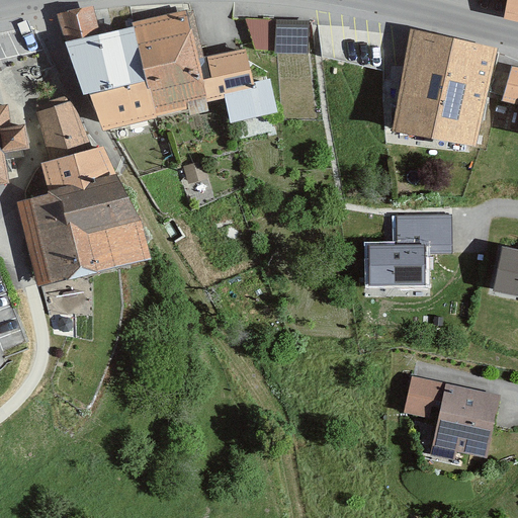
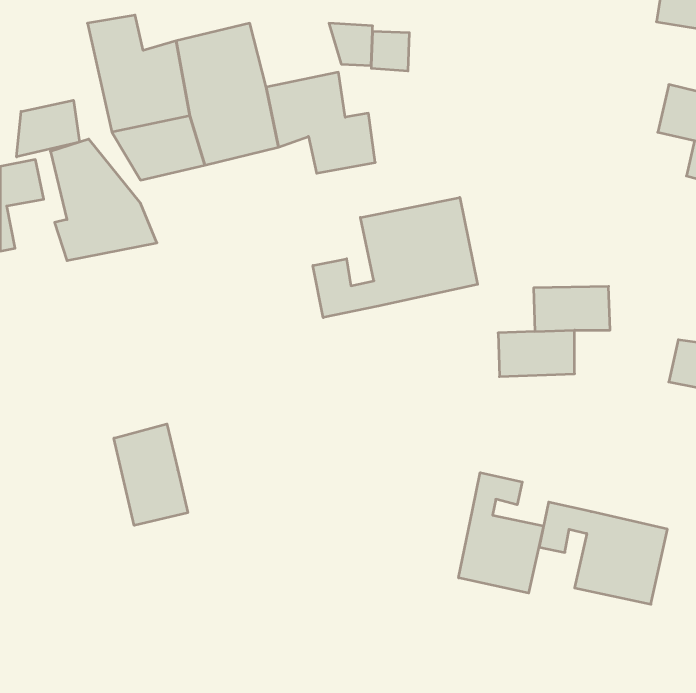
building: [374,23,489,144] -> none
building: none -> [17,100,79,157]
building: none -> [313,197,478,318]
building: [18,180,152,285] -> none
building: none -> [114,424,188,525]
building: none -> [459,473,544,593]

